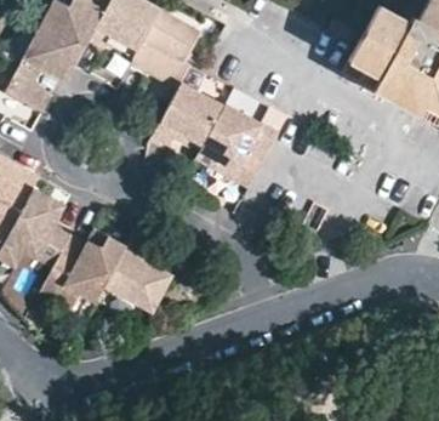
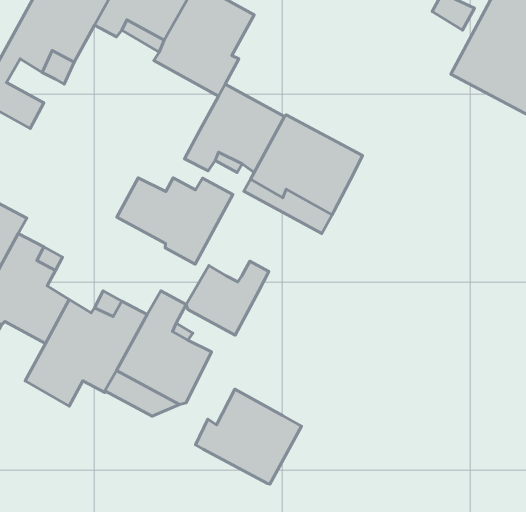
building: none -> [117,178,233,264]
building: none -> [186,261,269,335]
building: none -> [196,389,301,484]

